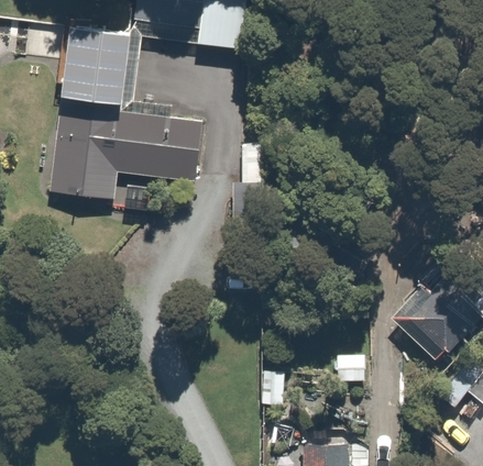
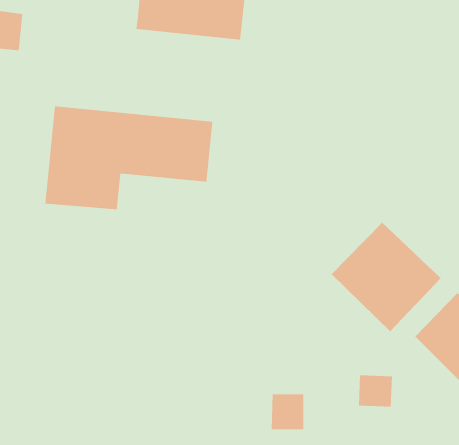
building: [61,20,136,98] -> none
building: none -> [331,222,441,332]

